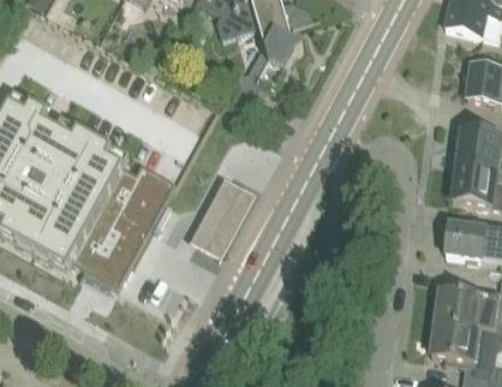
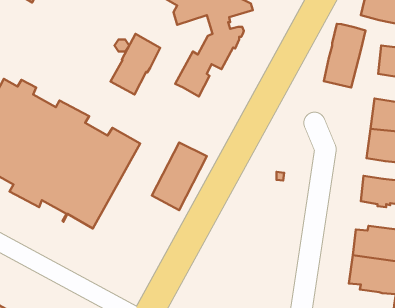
building: none -> [324,24,366,88]
building: none -> [111,34,160,95]

